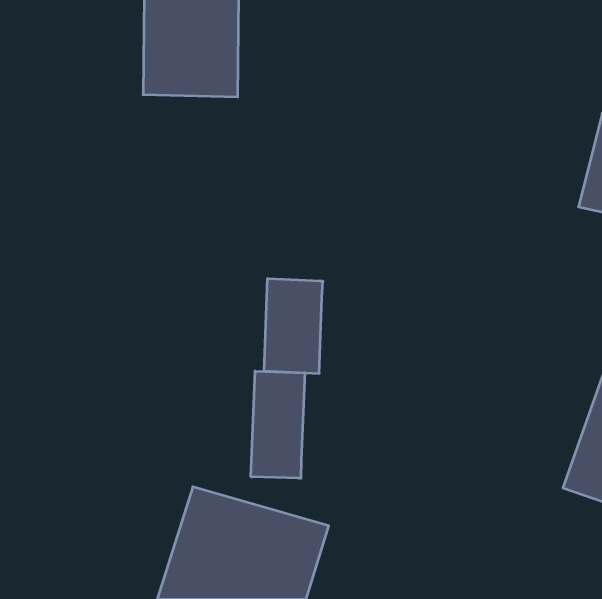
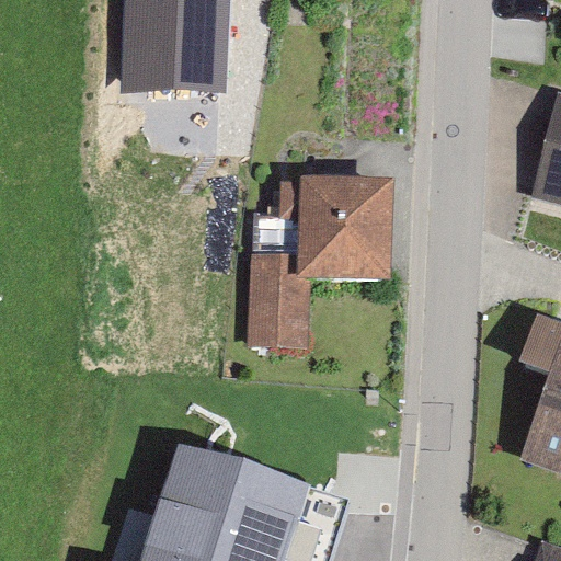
building: none -> [251,188,382,278]
building: [251,371,305,478] -> none

